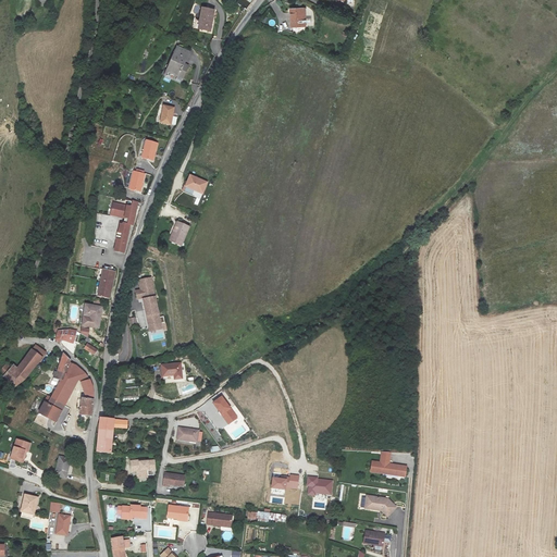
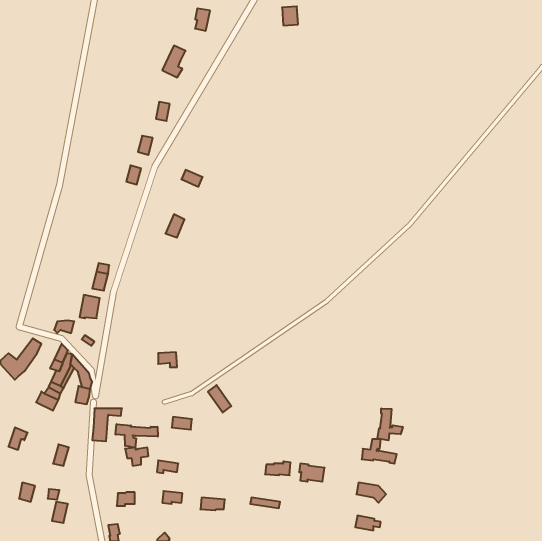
building: [110,199,138,251] -> none
building: [136,276,166,330] -> none
building: none -> [377,408,403,440]
building: none -> [116,424,158,448]

